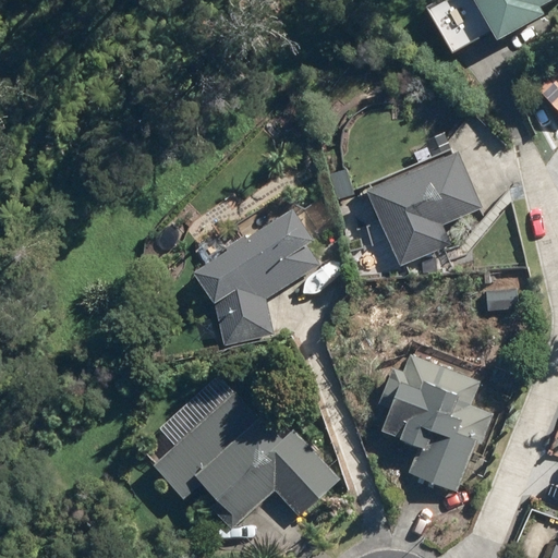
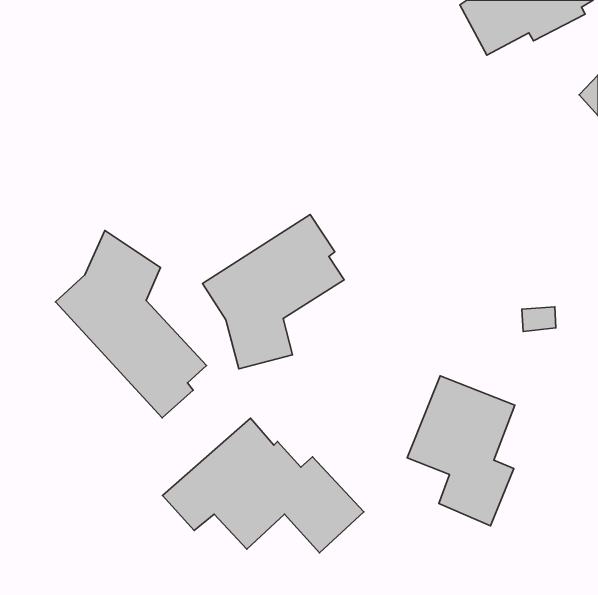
building: [364,148,480,265] -> none
building: none -> [56,230,207,418]

